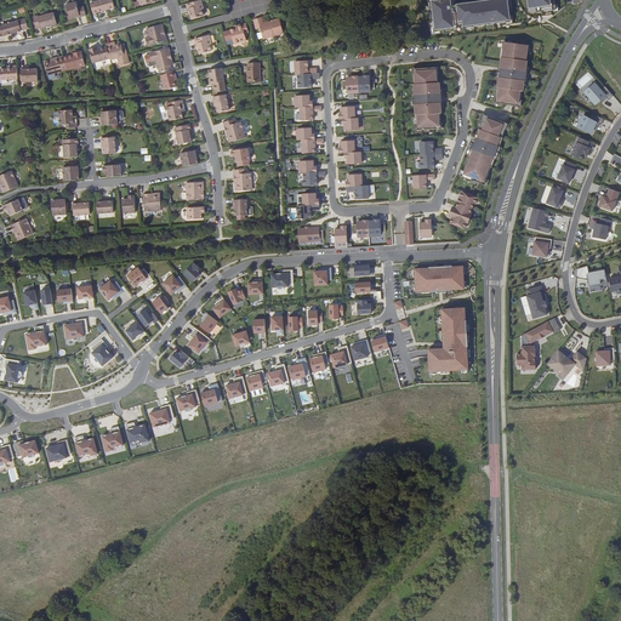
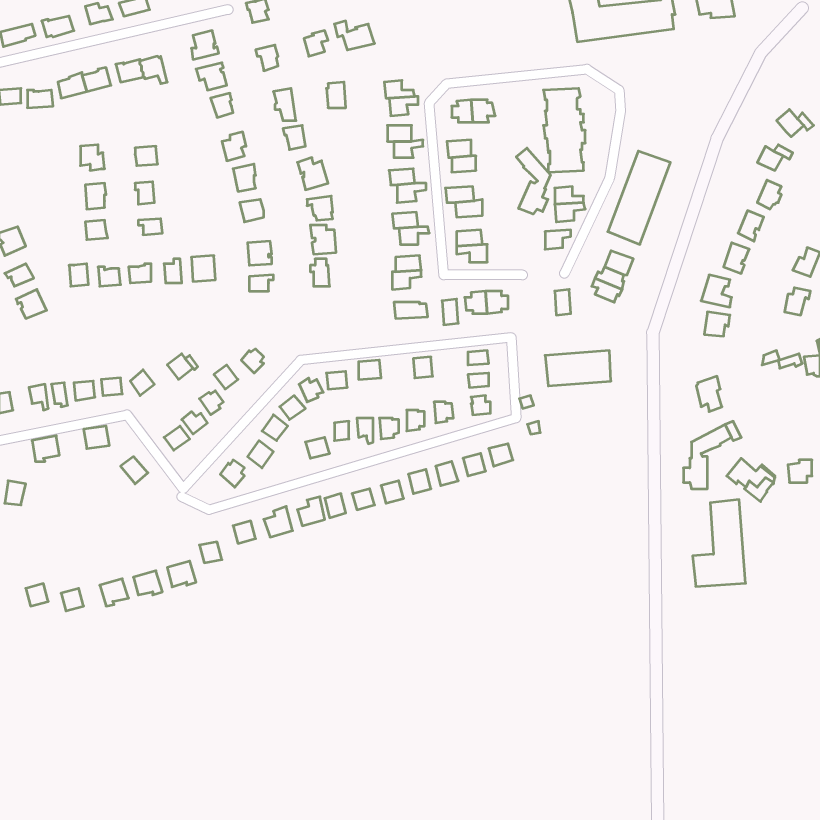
building: [495,41,523,104] -> none
building: none -> [516,148,550,214]
building: [427,306,467,371] -> [693,500,746,586]

